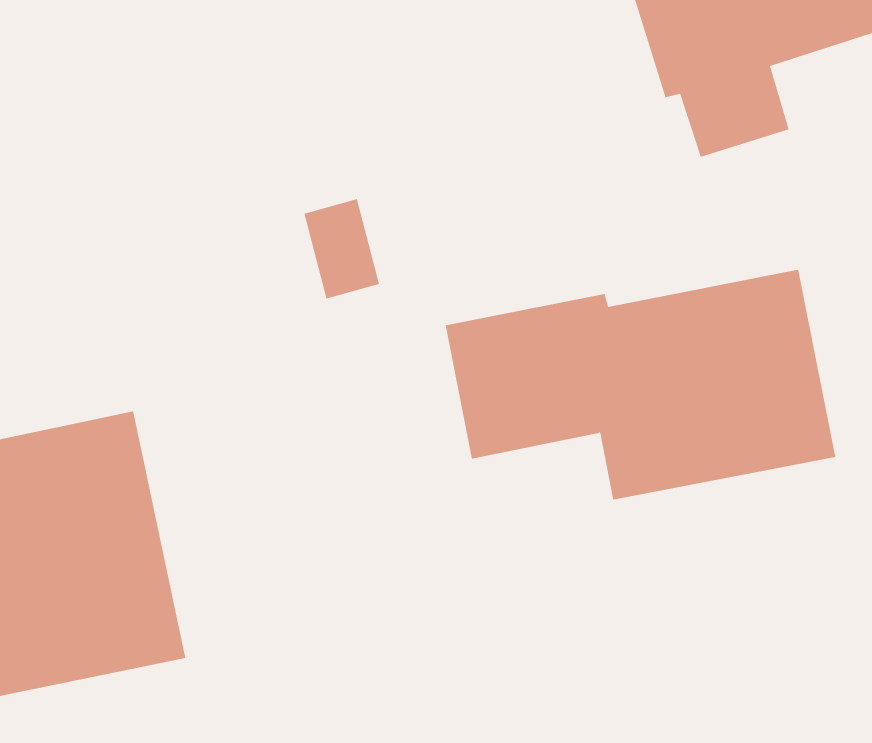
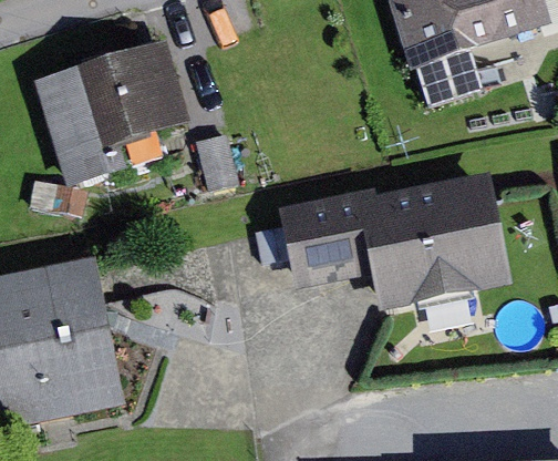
building: none -> [34,39,192,185]

